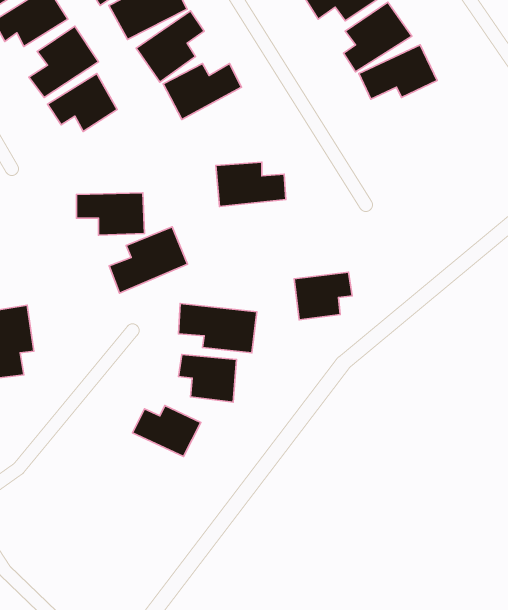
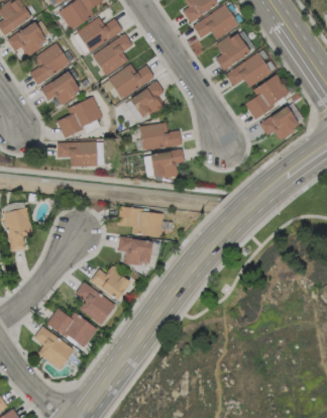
building: none -> [244,75,289,117]
building: none -> [129,82,164,118]
building: none -> [258,106,300,139]
building: [109,227,187,293] -> [57,97,103,136]
building: [294,272,352,320] -> [149,149,184,178]
building: none -> [75,282,115,324]
building: none -> [46,308,97,348]
building: none -> [33,327,74,369]

